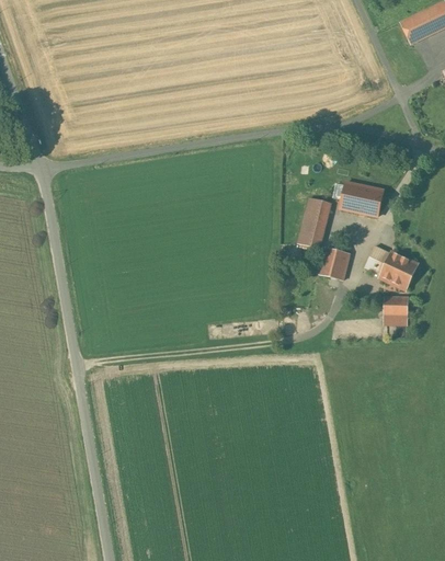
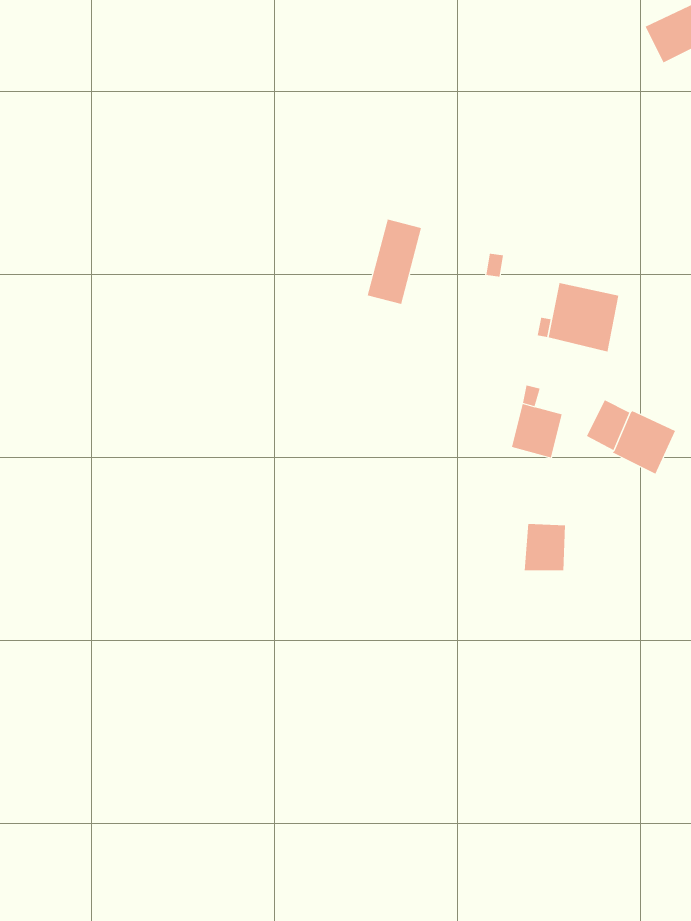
building: [298,196,331,248] -> [367,219,422,305]
building: [383,296,408,324] -> [524,523,566,571]

